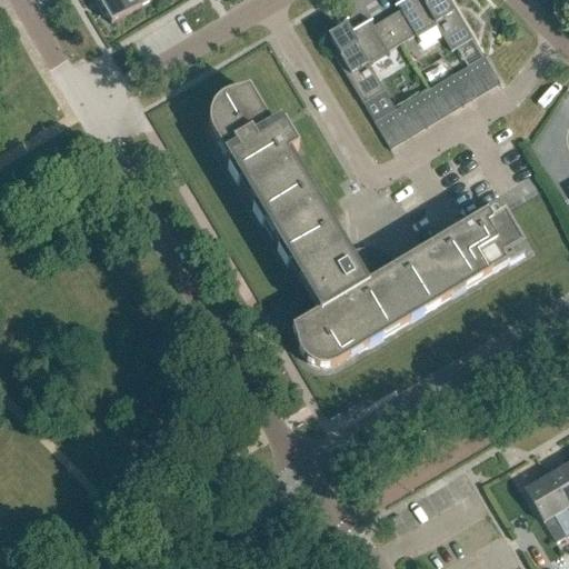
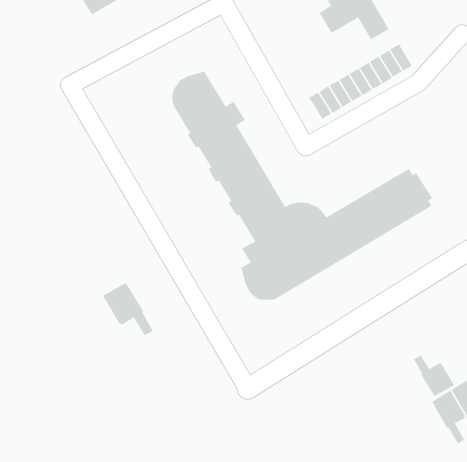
building: [329,16,403,100] -> none
building: none -> [102,282,154,336]
building: none -> [413,354,455,397]

